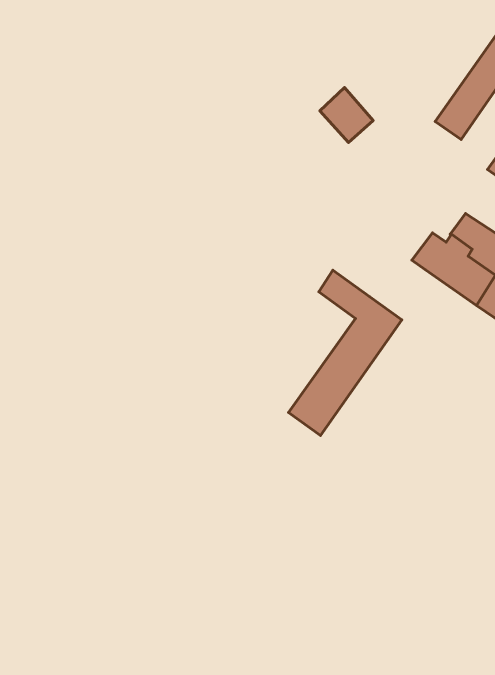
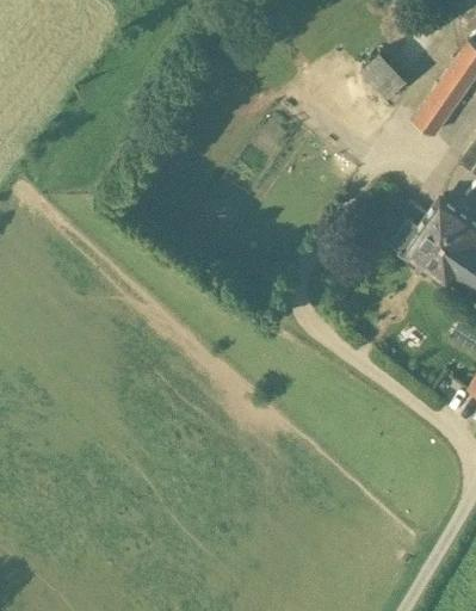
building: [320,87,373,142] -> [361,51,408,99]
building: [289,270,402,436] -> none

